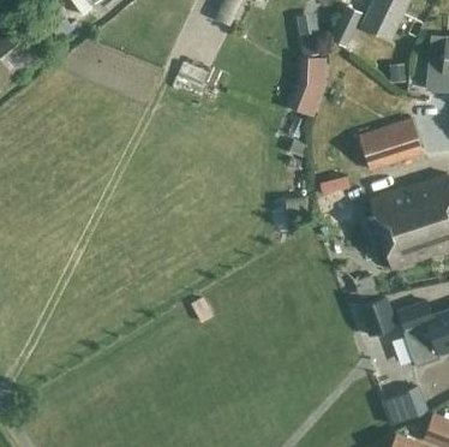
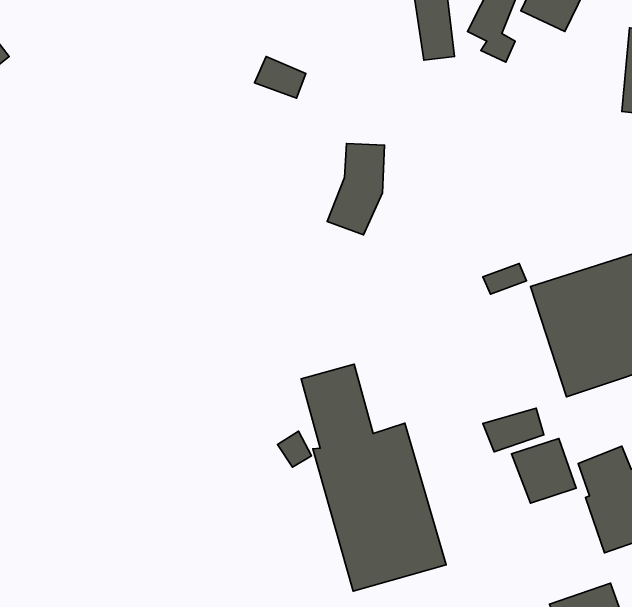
building: [288,59,324,117] -> [327,143,384,235]
building: [360,119,421,169] -> none
building: none -> [301,364,446,591]

